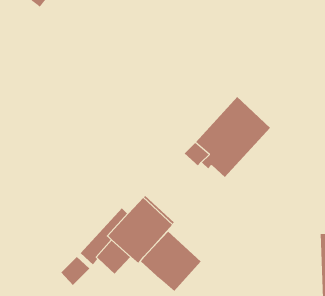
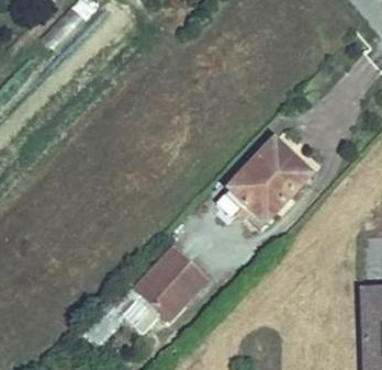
building: [140,231,201,292] -> none

